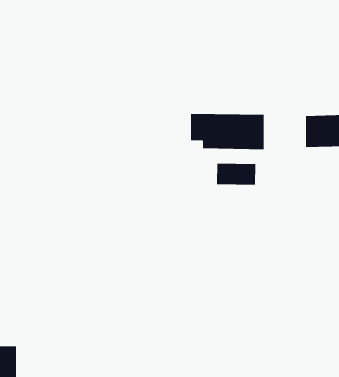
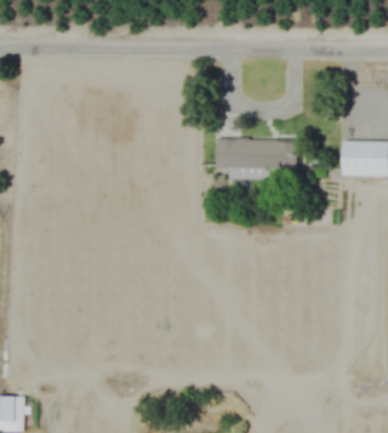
building: [216,163,256,185] -> none

